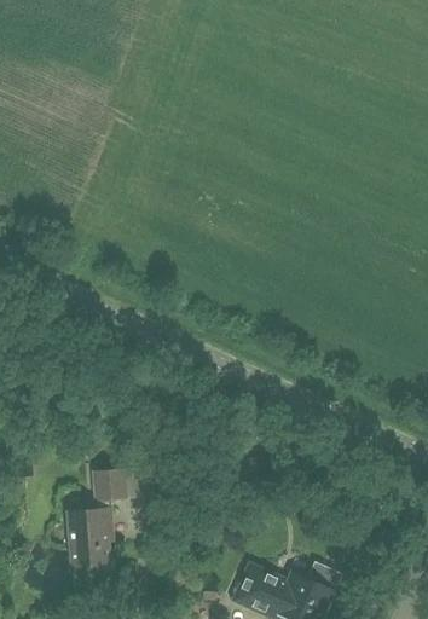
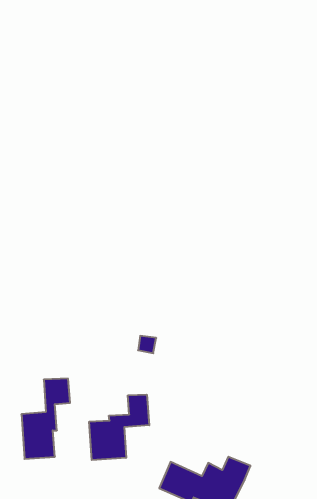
building: none -> [89,395,149,460]

